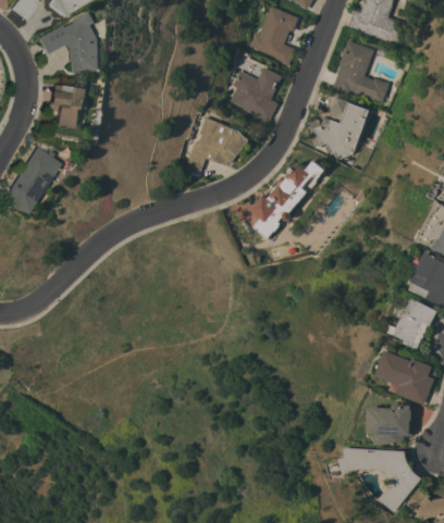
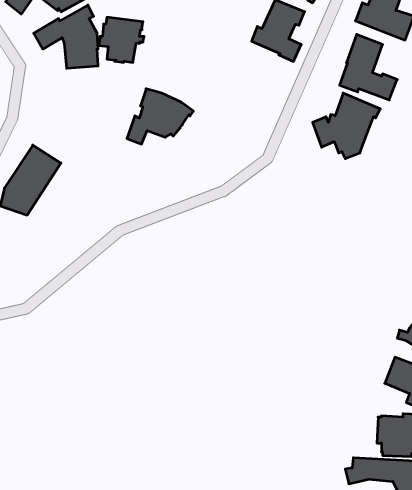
building: [230,66,283,121] -> none
building: [47,84,90,127] -> [99,17,144,62]
building: [186,117,250,171] -> [127,89,193,144]
building: [251,160,325,237] -> none

